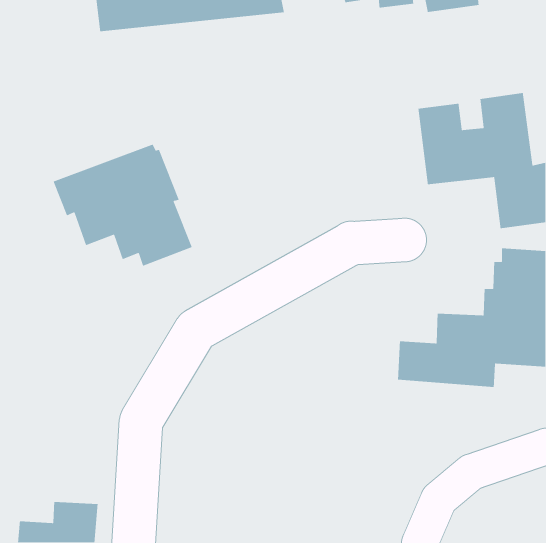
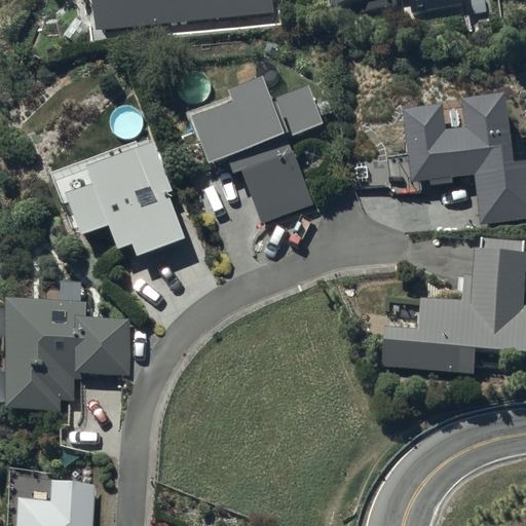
building: none -> [185,80,331,224]
building: none -> [9,300,128,410]

